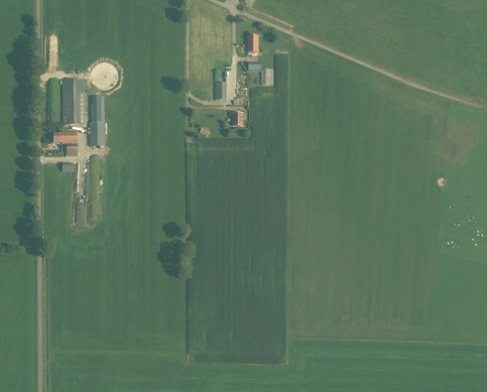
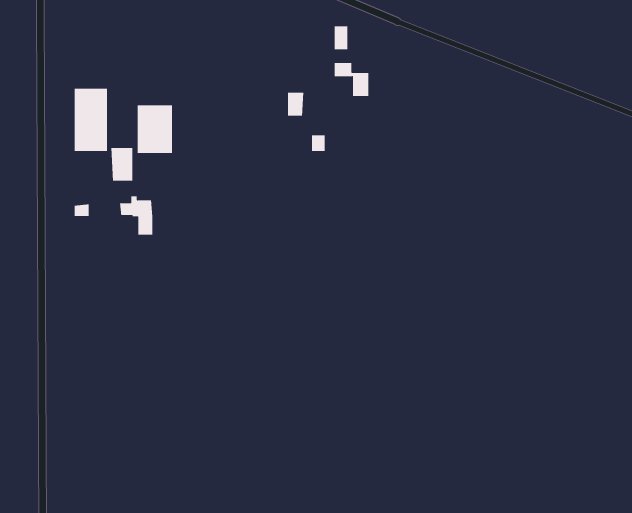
building: none -> [137,105,172,154]
building: [53,127,78,155] -> [119,196,153,235]

